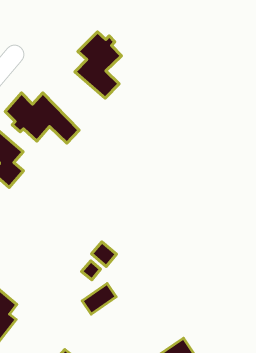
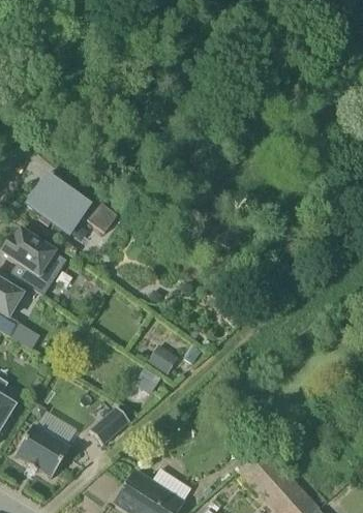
building: [75,32,121,98] -> none
building: [82,283,116,314] -> [88,406,127,445]

